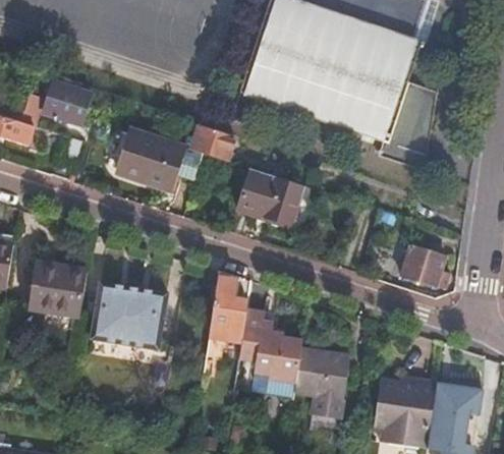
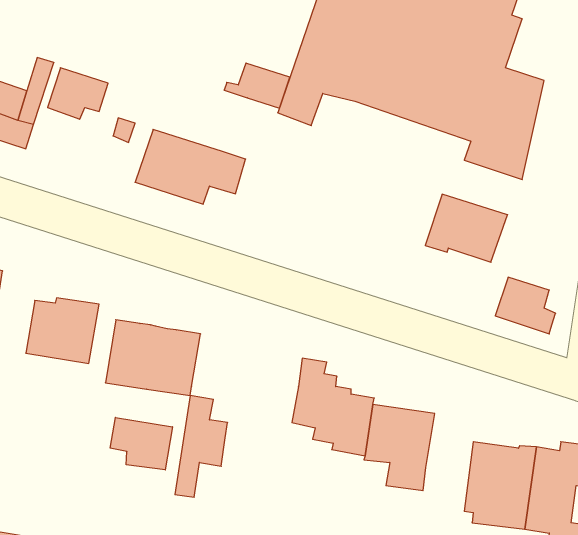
building: [184,126,236,162] -> [224,63,290,108]
building: [239,170,304,224] -> [425,194,508,262]
building: [208,278,249,358] -> [175,396,228,497]
building: none -> [110,417,172,470]

